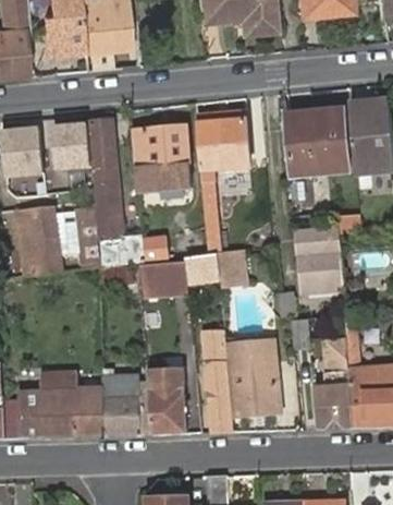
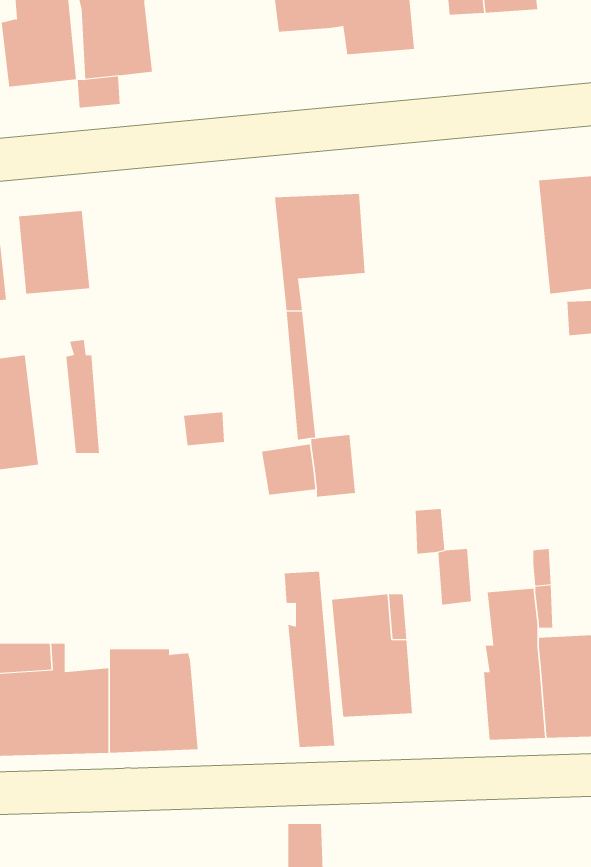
building: [286,110,349,175] -> none
building: [88,122,125,266] -> none
building: [133,128,194,192] -> none
building: [297,228,344,291] -> none
building: [143,262,187,296] -> none
building: [150,372,189,433] -> none

